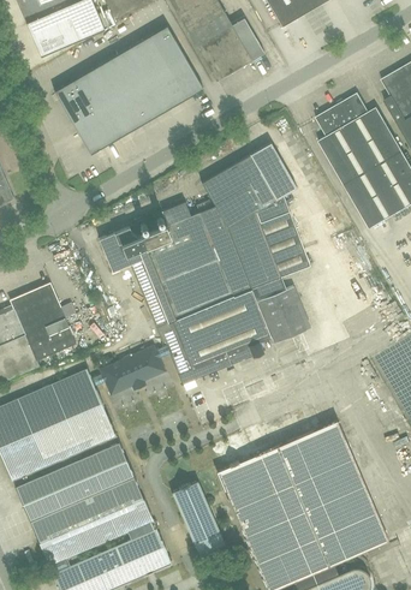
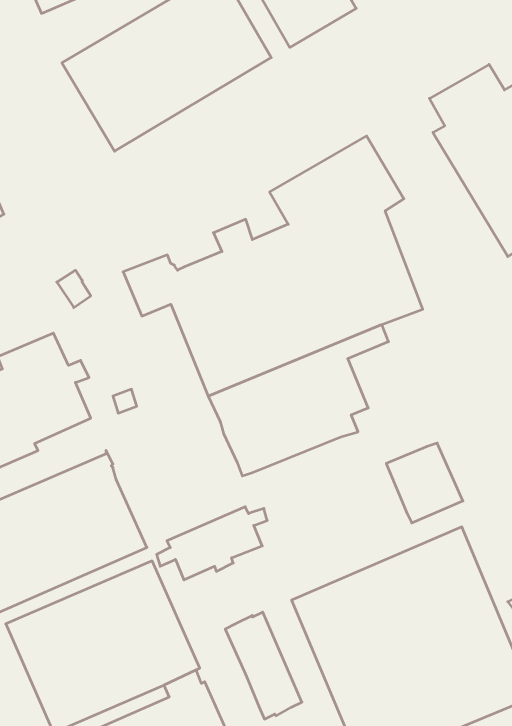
building: [257,286,311,342] -> [386,443,463,523]
building: [91,344,169,395] -> [157,507,267,580]

